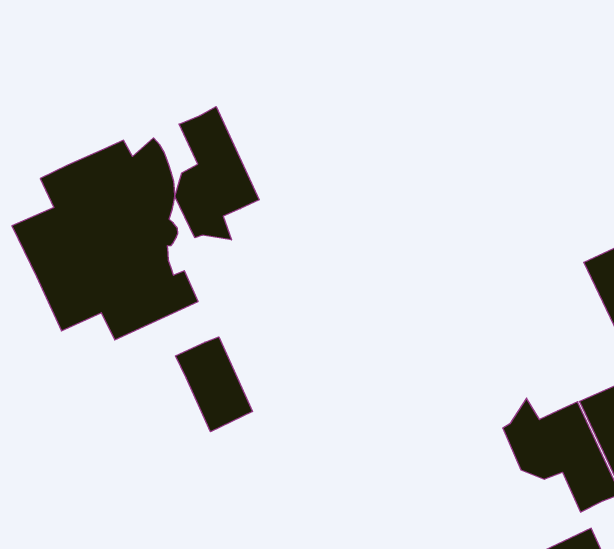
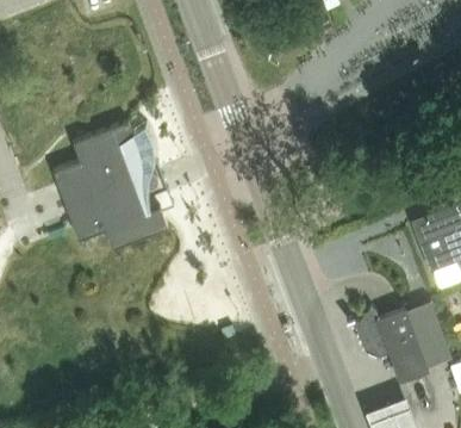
building: [175,107,259,240] -> none
building: [176,337,252,432] -> none

